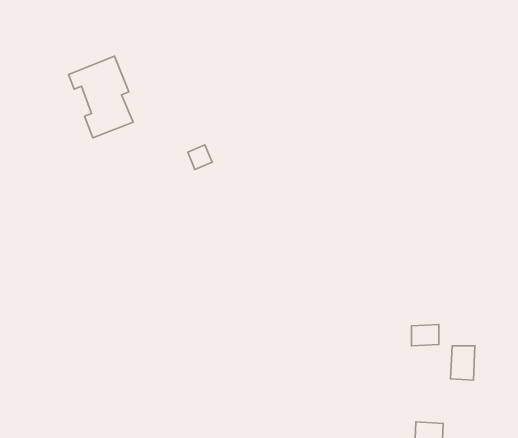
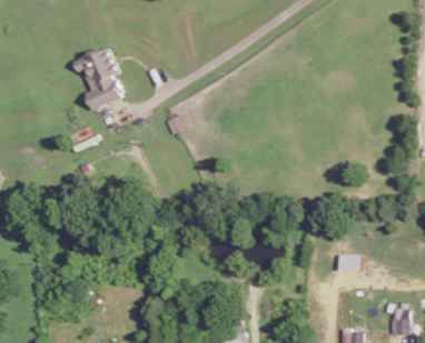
building: [451,346,475,380] -> [391,309,409,335]

